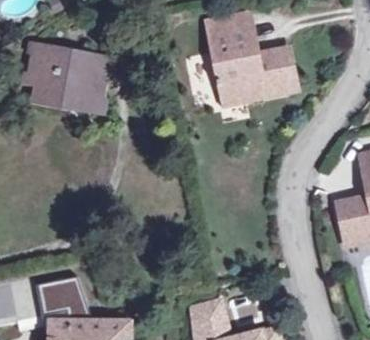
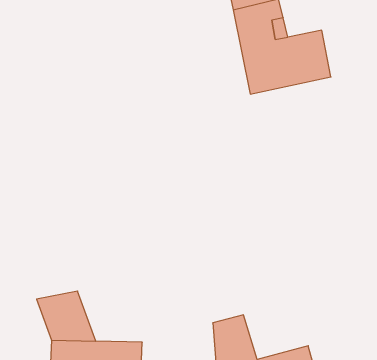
building: [23,43,109,111] -> none

